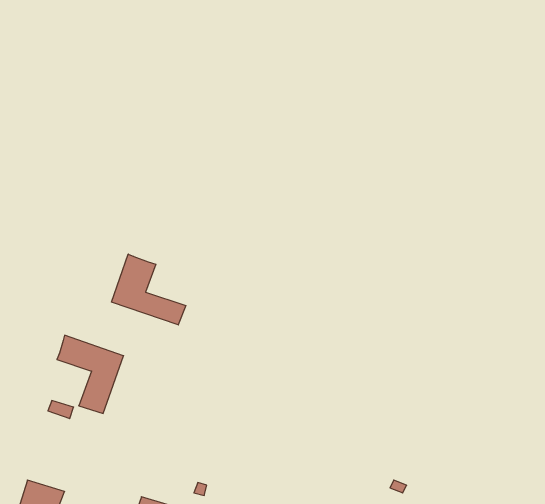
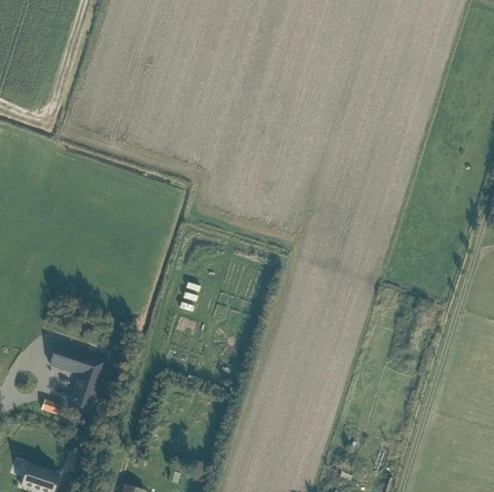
building: [111,254,186,325] -> none

